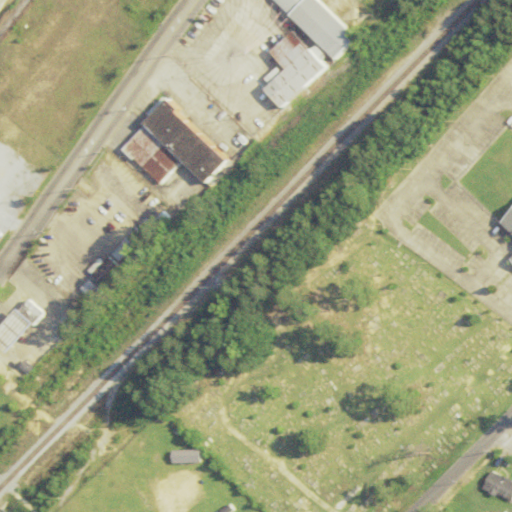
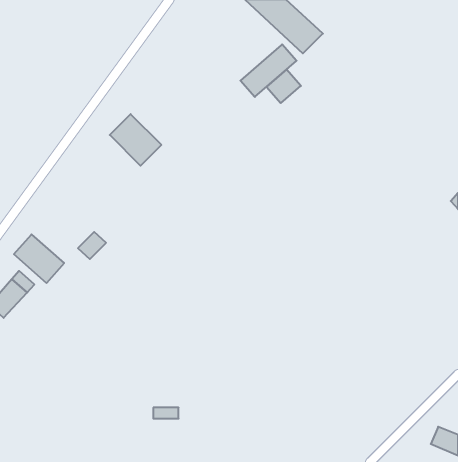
building: [272,32,310,69] -> [266,70,301,103]
building: [146,99,227,183] -> none
building: none -> [14,234,64,283]

